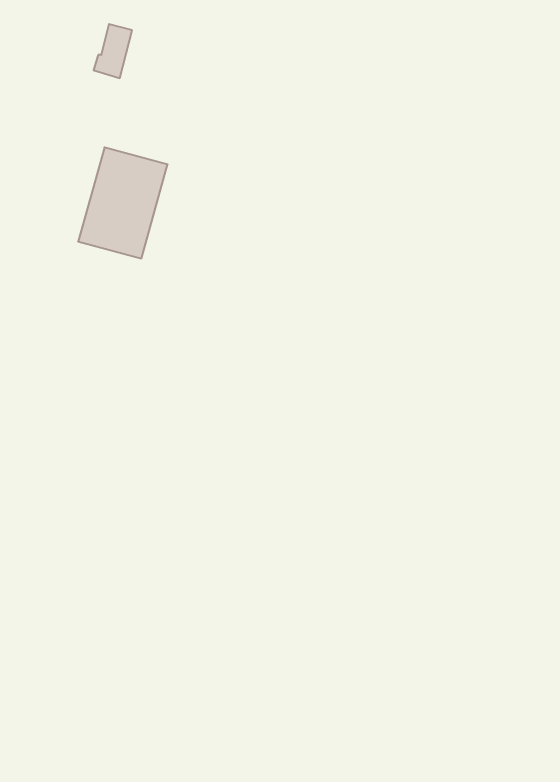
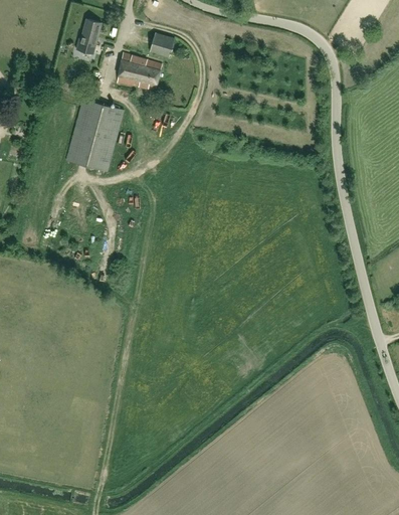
building: none -> [149,32,173,56]
building: none -> [117,53,162,90]

